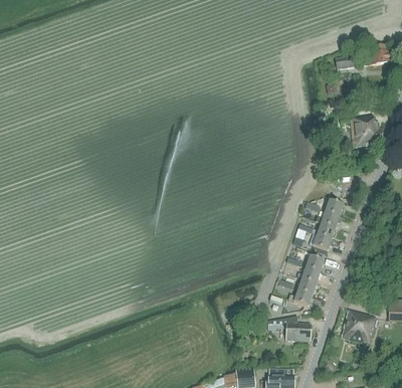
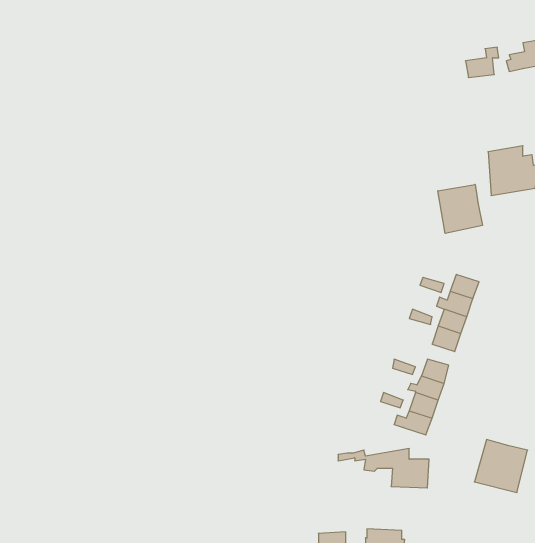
building: none -> [438,184,482,233]

